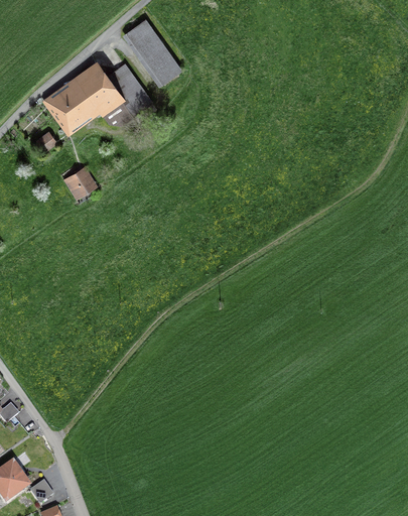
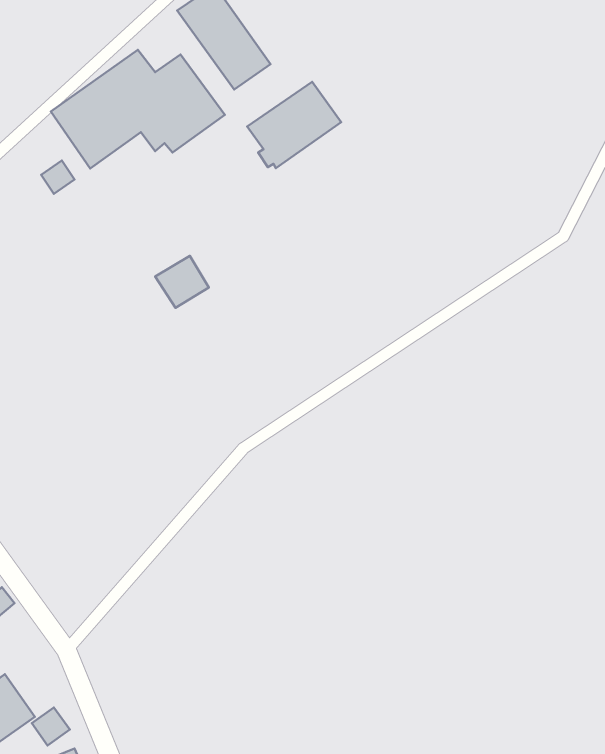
building: none -> [247,82,341,168]
building: [63,165,98,199] -> [155,256,209,308]

